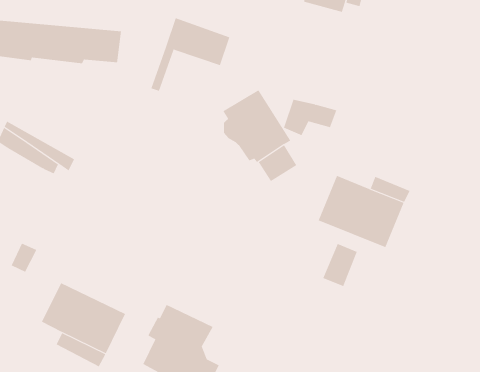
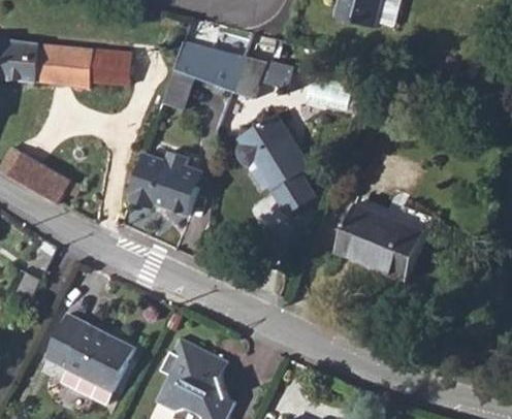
building: [283,99,337,136] -> [234,58,291,96]
building: none -> [129,152,201,219]
building: [322,243,358,287] -> none

